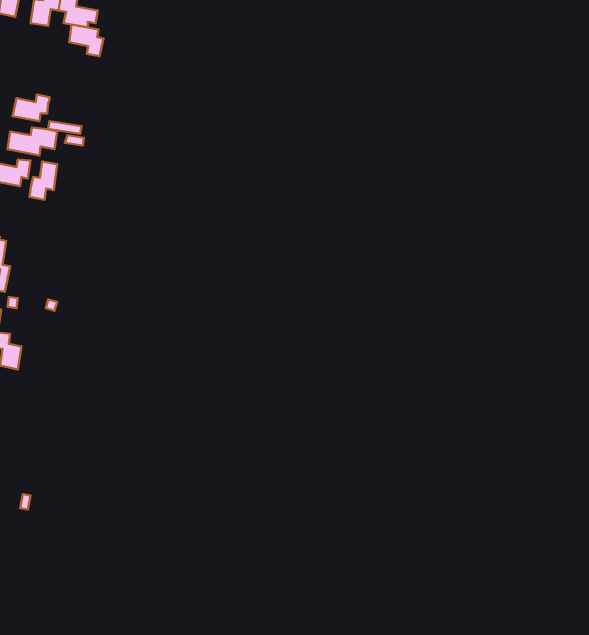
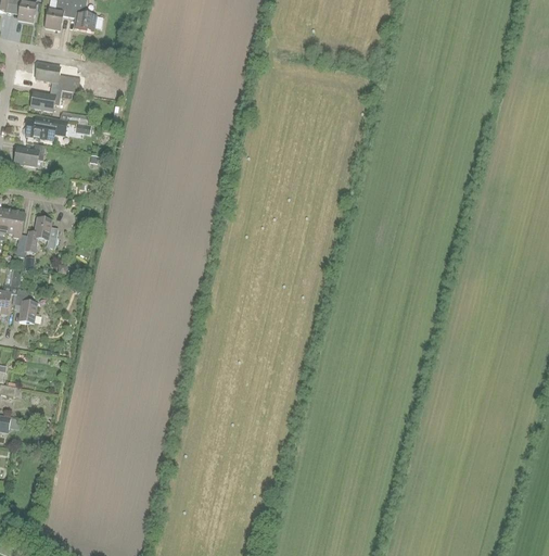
building: [69,24,103,56] -> [35,63,64,90]
building: [29,161,57,200] -> none
building: none -> [24,217,58,252]

